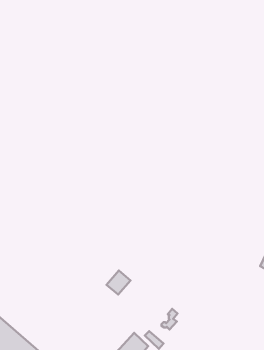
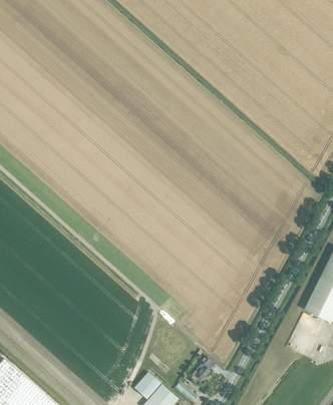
building: [107,271,131,295] -> [134,371,161,398]

